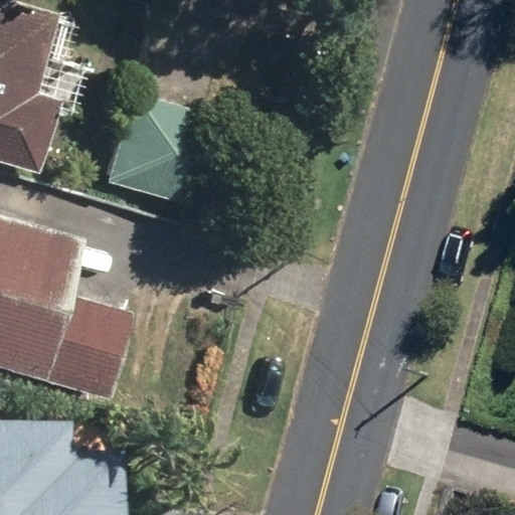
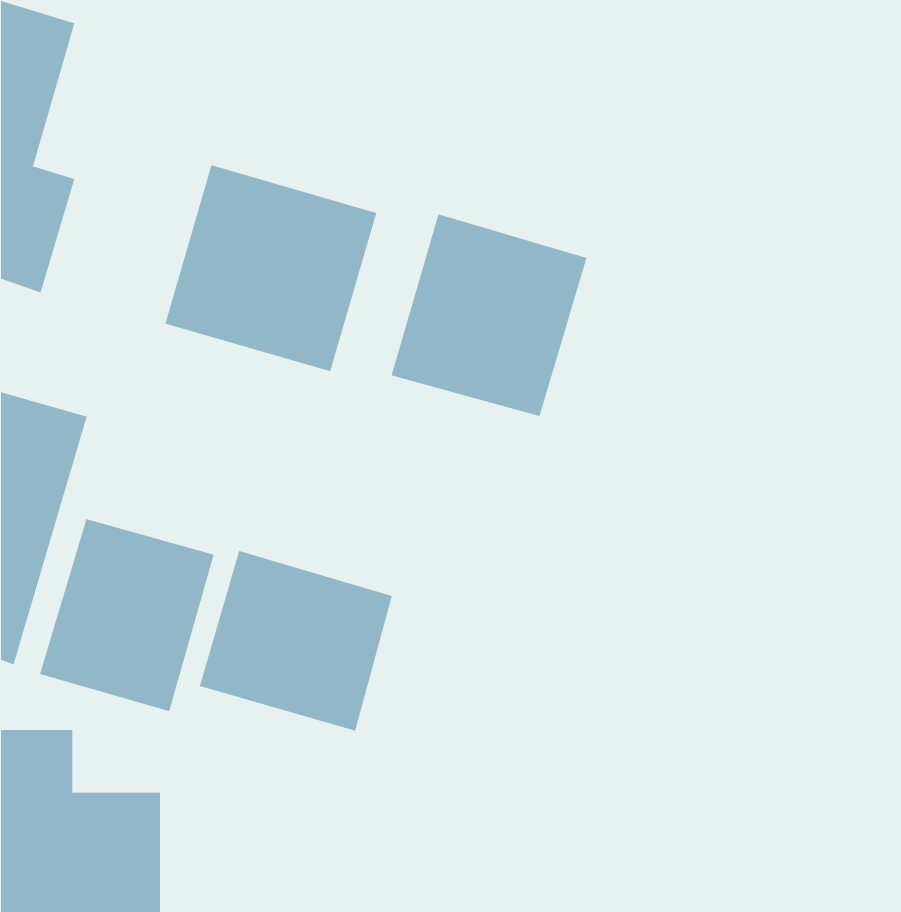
building: none -> [391,214,587,417]
building: none -> [199,550,392,731]

